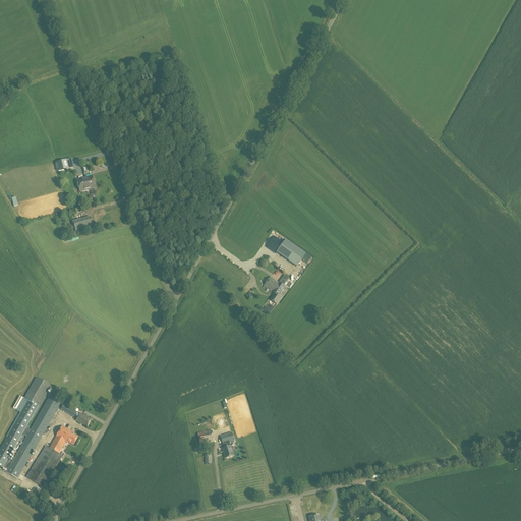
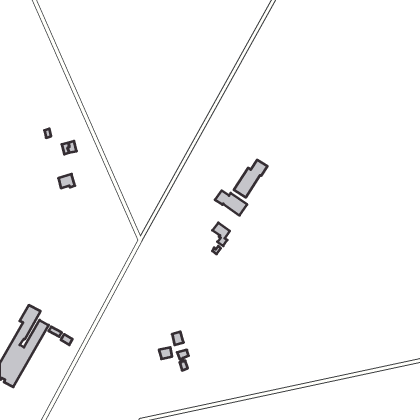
building: none -> [234,160,267,197]
building: [25,424,77,485] -> none

